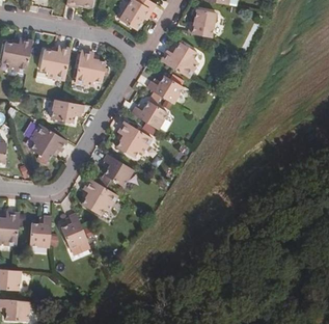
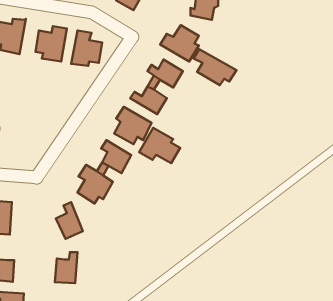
building: none -> [194,49,237,85]
building: [52,98,84,120] -> none
building: [30,124,65,158] -> none
building: none -> [139,128,180,163]
building: [28,217,50,247] -> [55,252,77,283]

